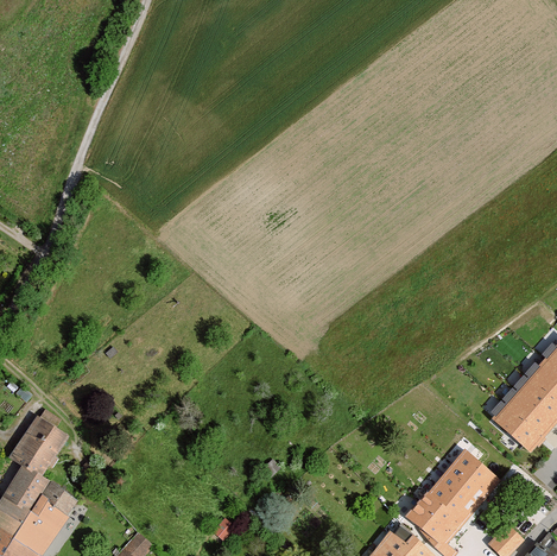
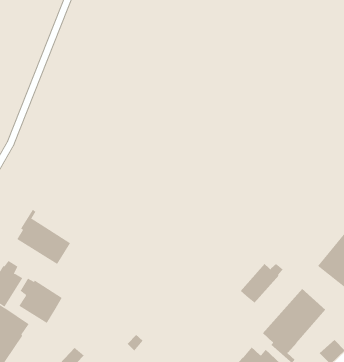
building: none -> [17,209,71,265]
building: none -> [240,263,283,303]
building: none -> [19,278,63,324]

